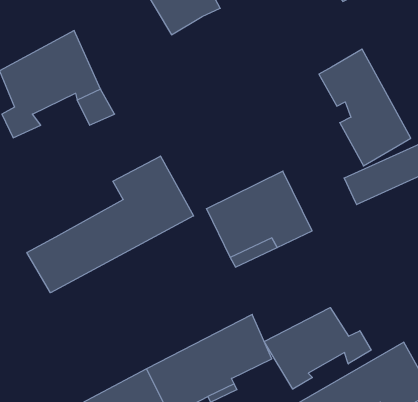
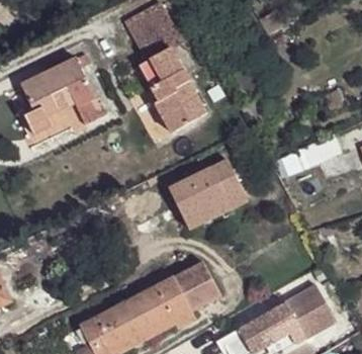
building: [319,49,411,166] -> [137,46,203,130]
building: [27,156,194,293] -> none
building: [264,308,371,389] -> none

